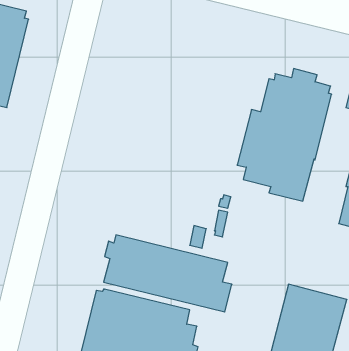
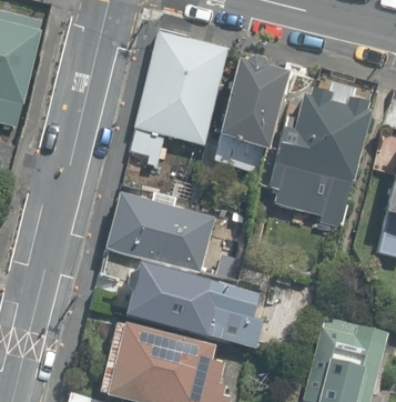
building: none -> [131,31,227,158]
building: none -> [215,59,288,172]
building: none -> [105,195,213,272]

